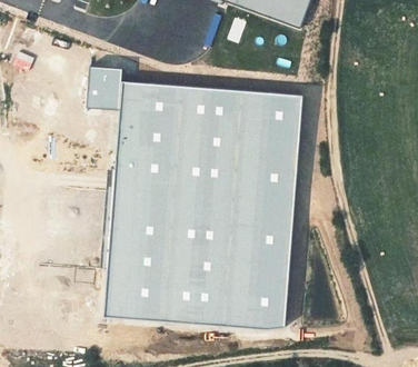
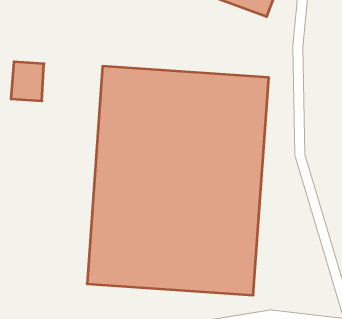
building: [86,67,121,109] -> [11,62,44,101]

